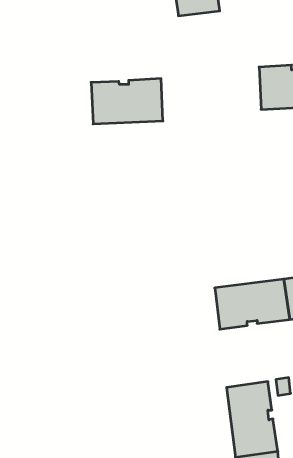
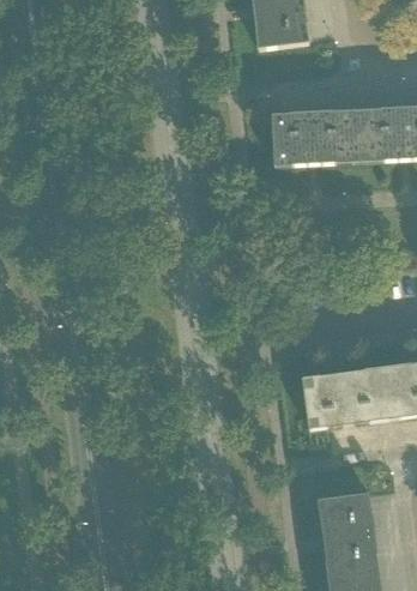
building: [91,79,163,124] -> [271,109,358,164]

